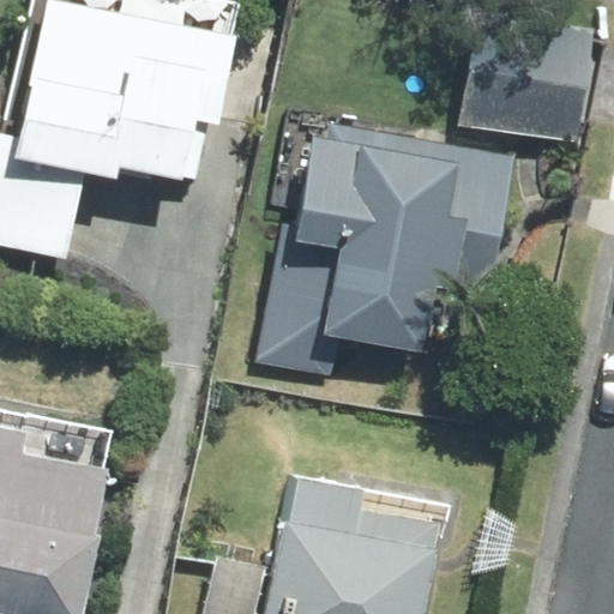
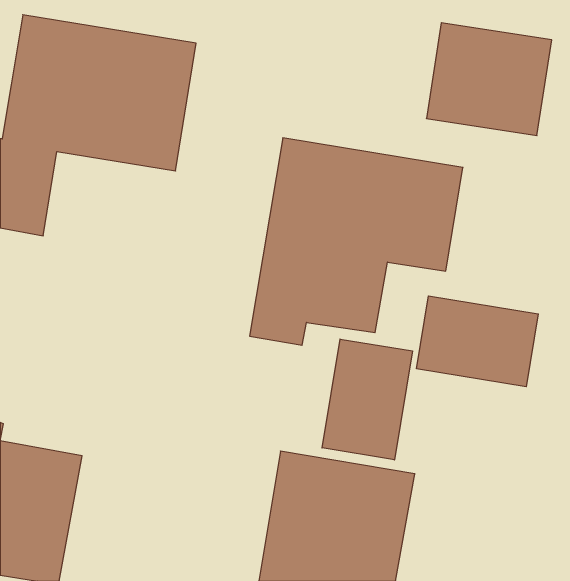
building: none -> [417,296,538,387]
building: none -> [322,339,412,460]

